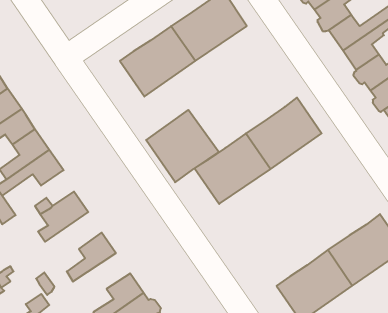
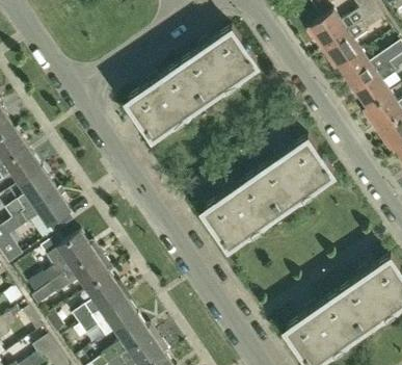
building: [146,110,219,182] -> none
building: none -> [32,254,112,306]
building: none -> [80,295,138,337]

